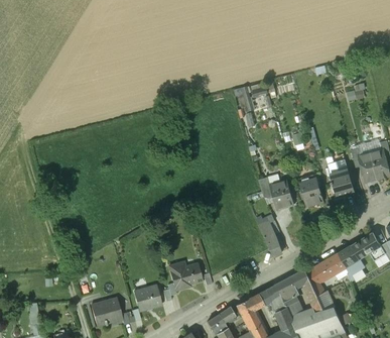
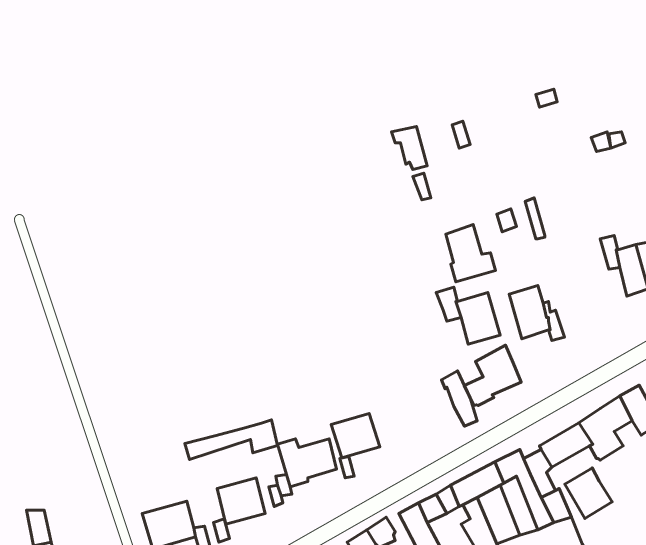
building: none -> [446,224,496,282]
building: [331,168,355,196] -> none
building: none -> [464,345,521,406]
building: none -> [331,414,380,458]
building: none -> [185,420,278,459]
building: none -> [565,468,612,519]

